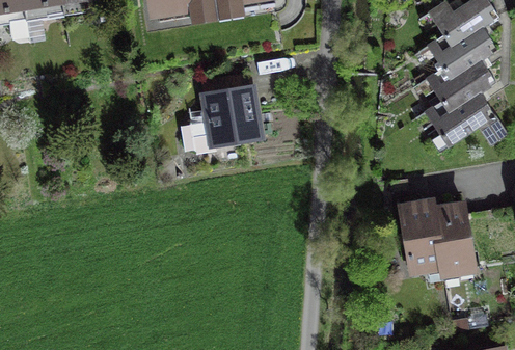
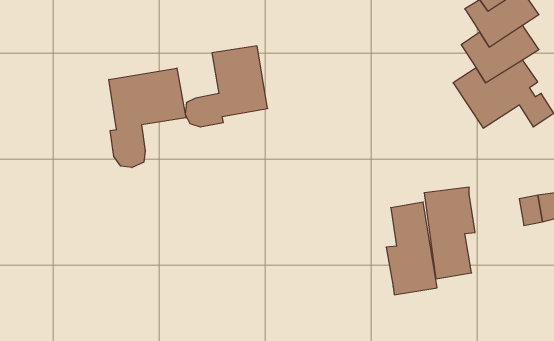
building: none -> [109,68,186,168]
building: [432,204,478,287] -> [386,202,437,295]

